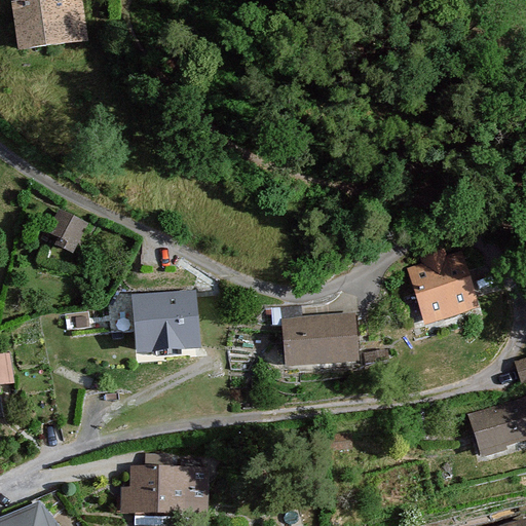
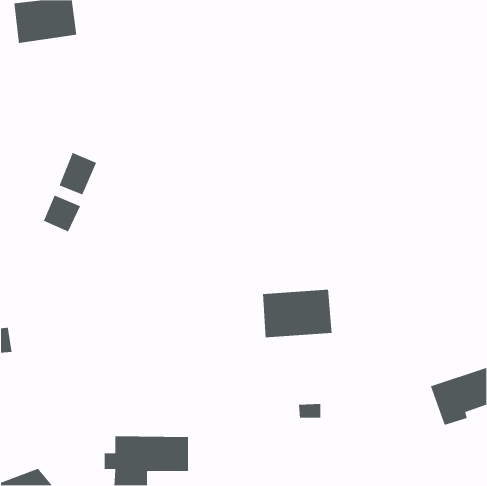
building: none -> [59,152,97,196]
building: [407,248,479,324] -> none
building: [130,289,203,354] -> none

